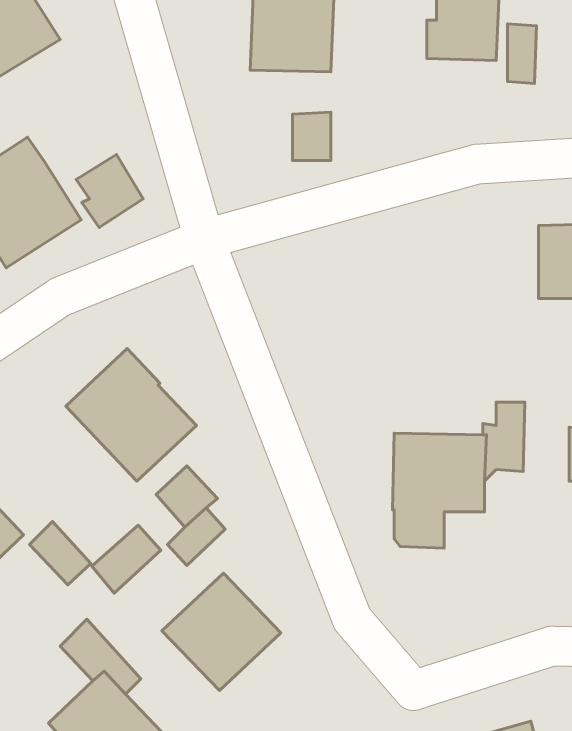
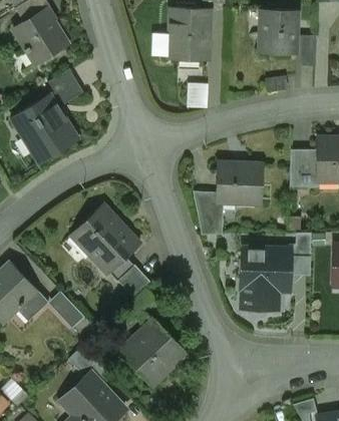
building: [76,155,143,228] -> [47,69,82,107]
building: none -> [289,156,317,187]
building: none -> [216,163,262,203]
building: none -> [193,191,222,235]
building: [92,525,161,593] -> none

